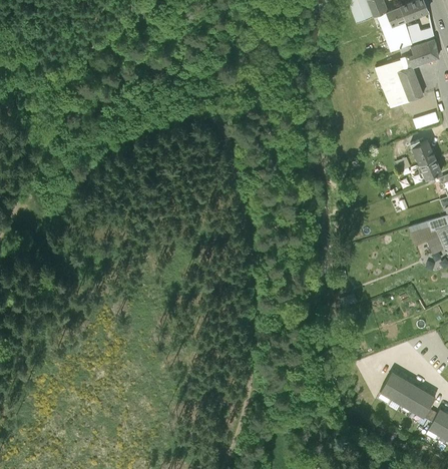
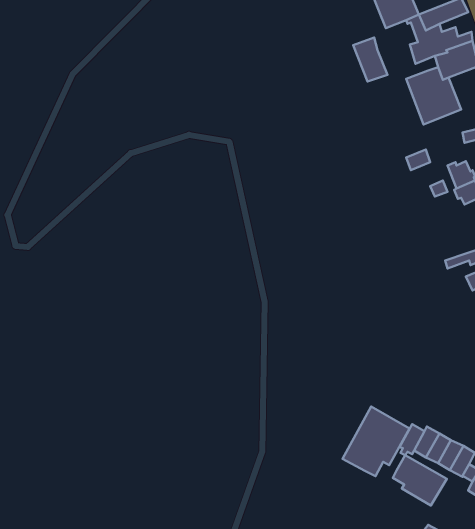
building: none -> [353,38,387,82]
building: none -> [343,407,410,476]
building: none -> [393,455,447,506]

